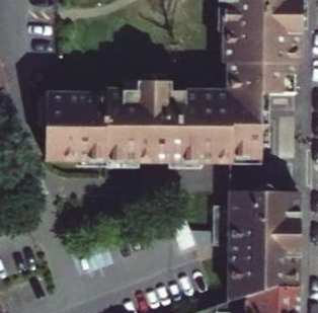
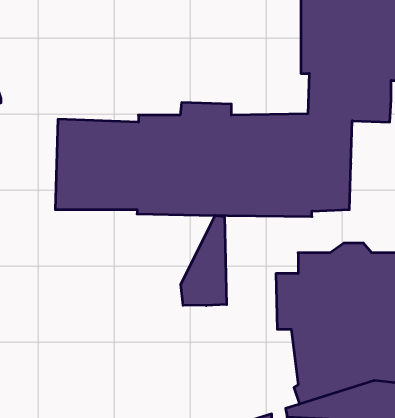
building: none -> [181,215,227,306]

